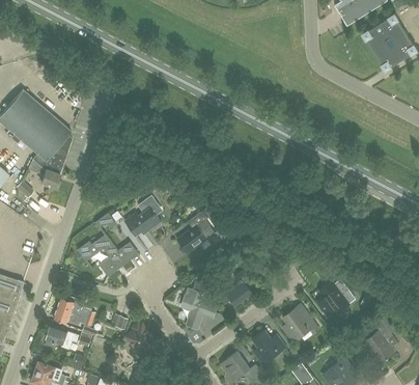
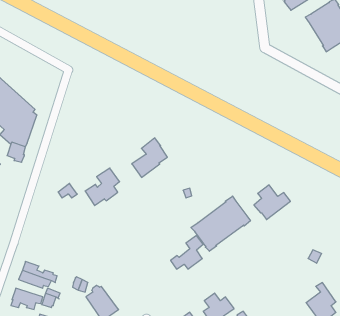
building: [176,212,215,254] -> [132,138,167,177]
building: none -> [191,196,250,251]
building: [77,236,131,276] -> none
building: [181,281,216,329] -> none
building: [315,281,355,319] -> [254,185,290,220]
building: [283,309,320,341] -> none

